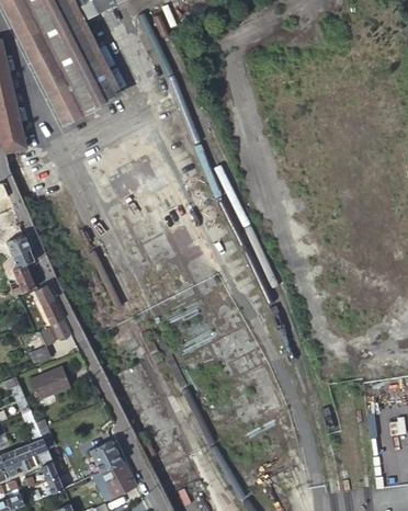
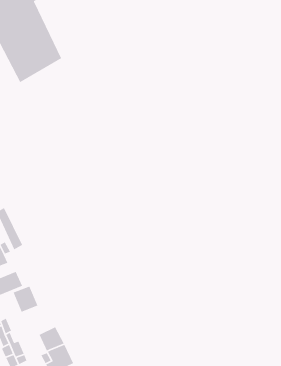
building: none -> [12,285,38,313]

